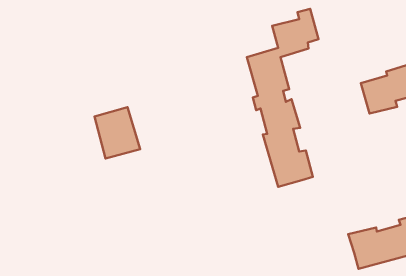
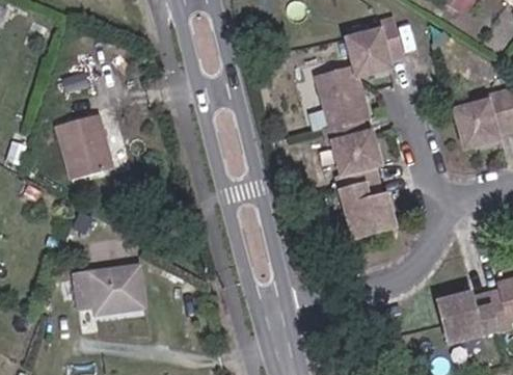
building: [94,107,140,159] -> [58,116,114,180]
building: none -> [77,267,145,315]

